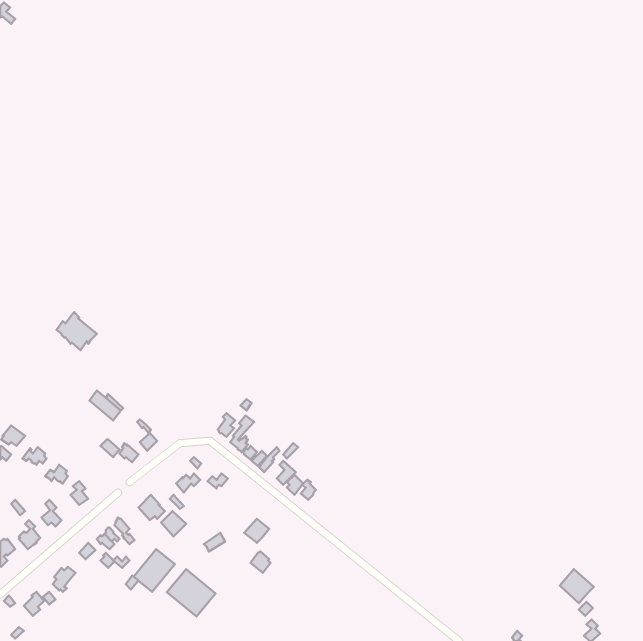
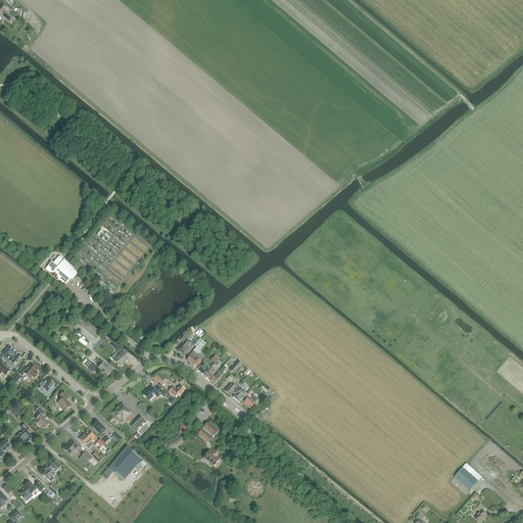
building: [167,569,216,616] -> none

